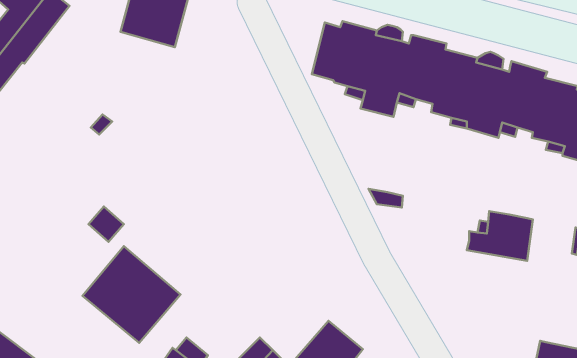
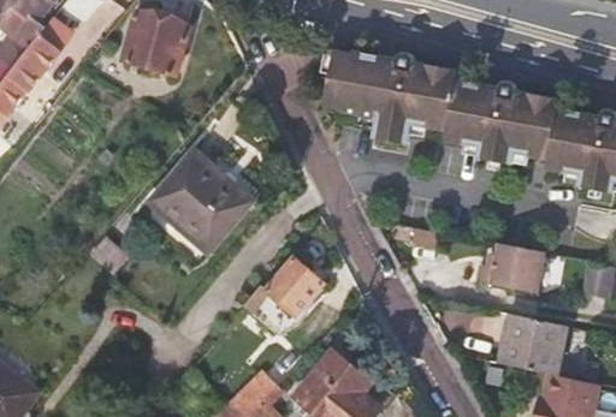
building: none -> [243,257,325,334]
building: [83,246,181,343] -> [150,151,250,250]
building: none -> [498,312,567,375]

